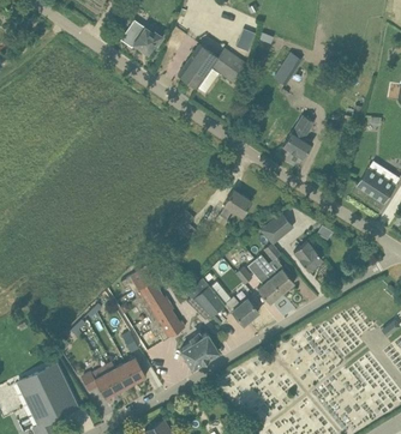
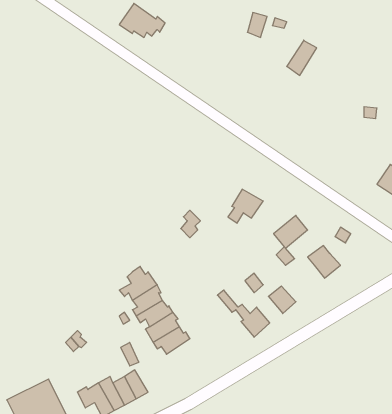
building: [178,44,250,88] -> none
building: [282,115,313,158] -> none
building: [253,254,294,293] -> none
building: [186,277,225,315] -> none
building: [180,332,219,368] -> none

